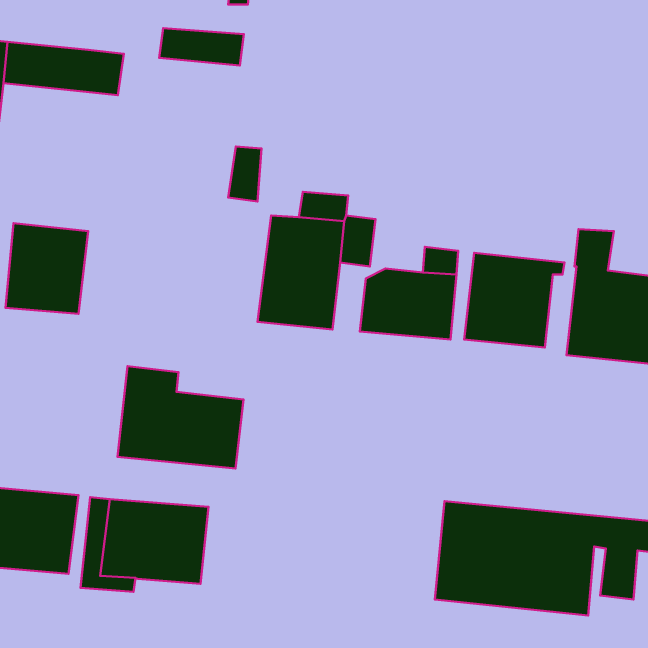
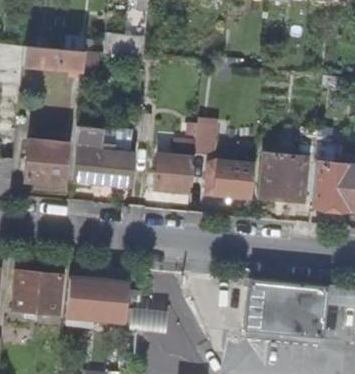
building: [118,366,244,469] -> [70,134,134,186]

